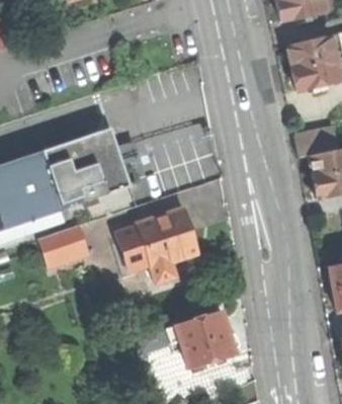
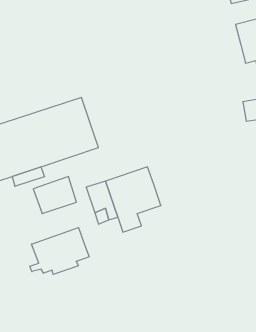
building: none -> [30,228,89,274]
building: [166,313,240,371] -> none

